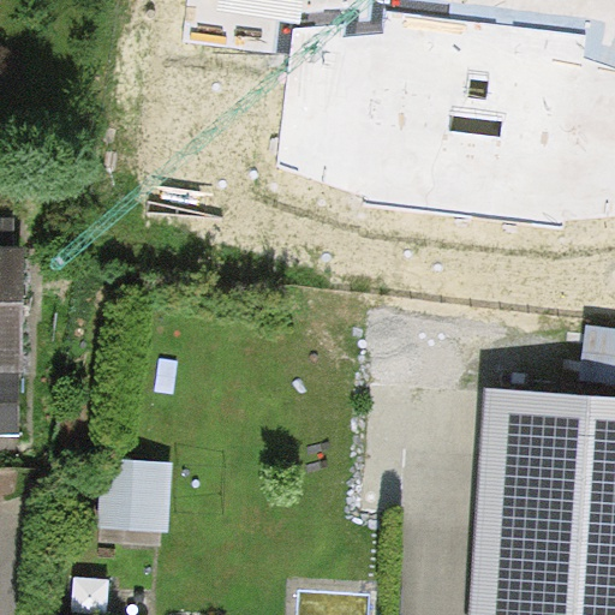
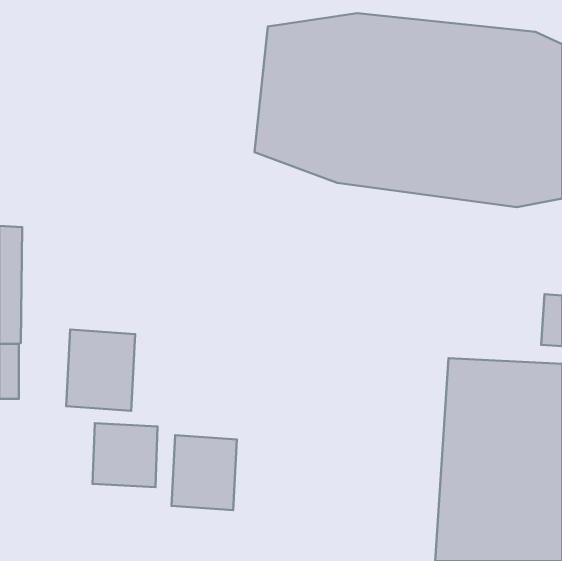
building: none -> [66,330,135,411]
building: none -> [172,435,237,510]

